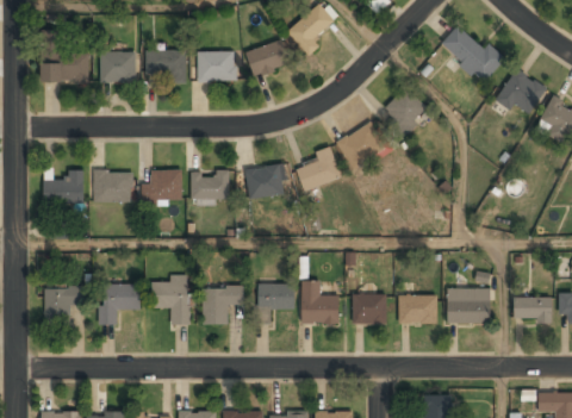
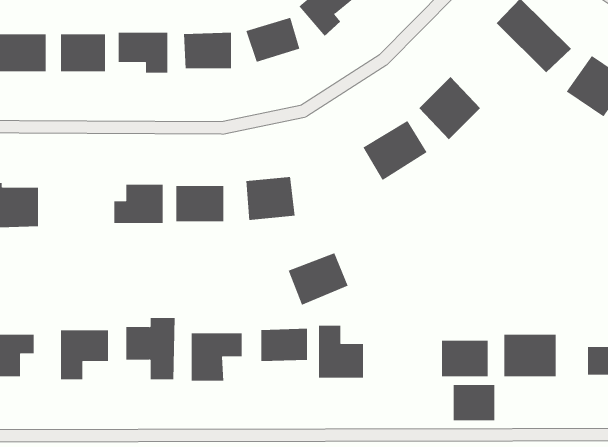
building: [294,150,342,192] -> [288,252,349,306]
building: [93,170,131,204] -> none
building: [353,293,386,322] -> [453,385,495,421]

